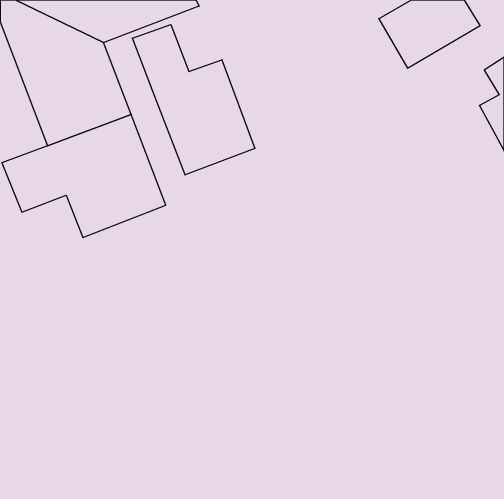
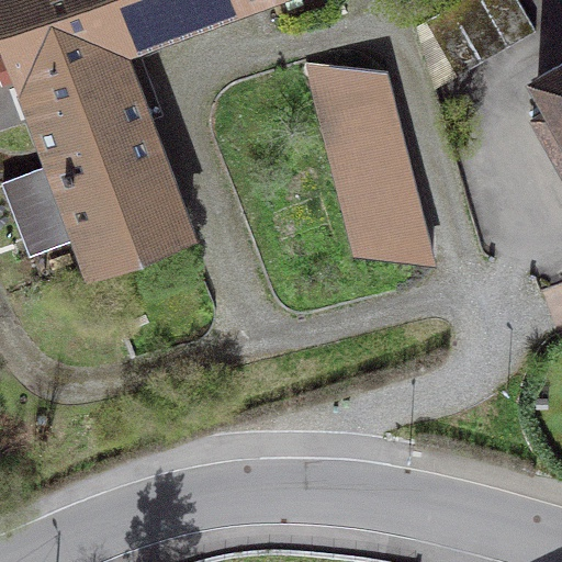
building: [132,25,255,175] -> none
building: none -> [312,61,429,262]

